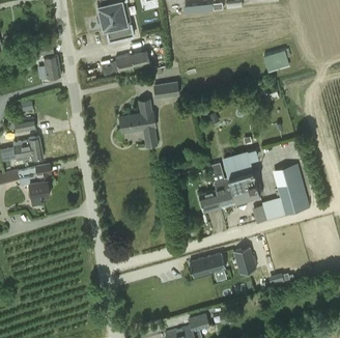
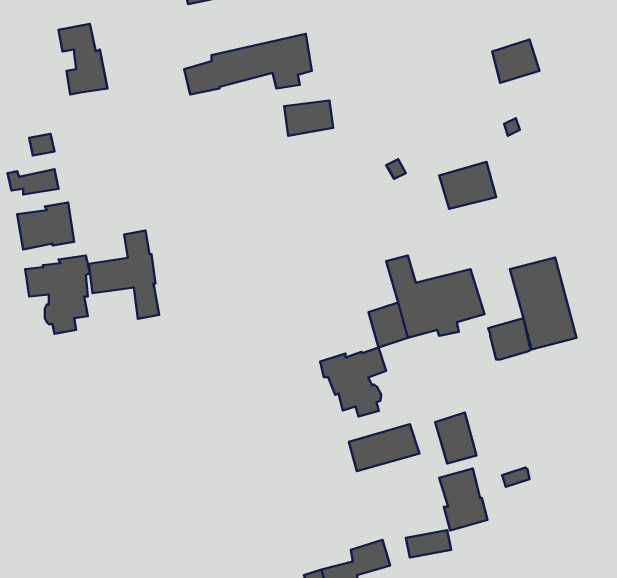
building: [120,101,158,147] -> [89,230,159,319]
building: [223,153,253,178] -> [439,162,496,209]
building: none -> [320,348,386,417]
building: none -> [439,469,488,530]

